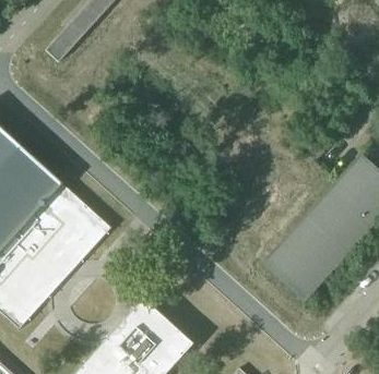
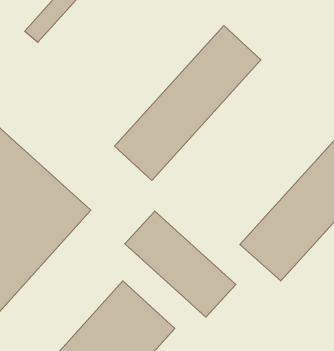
building: none -> [115,26,261,180]
building: none -> [125,211,236,317]

